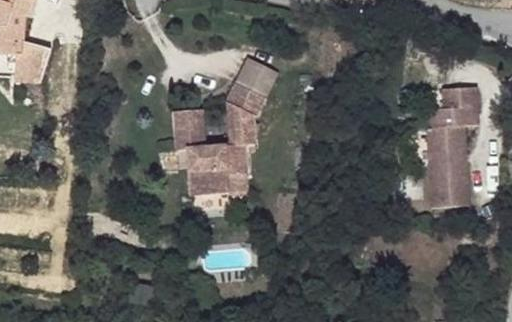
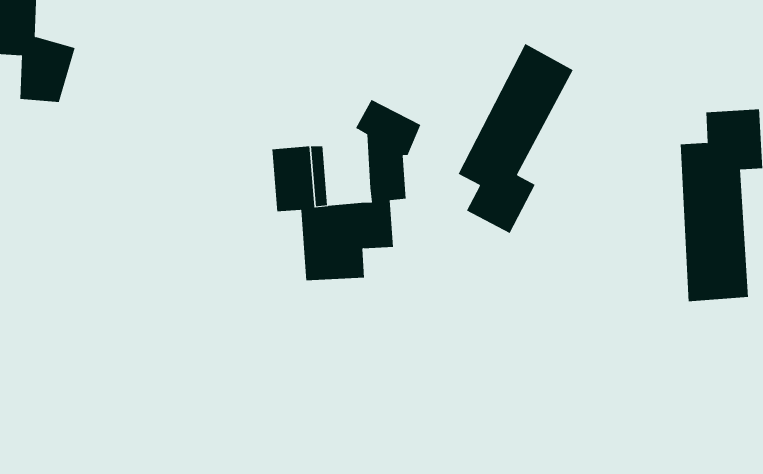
building: none -> [458,43,573,234]
building: [234,56,278,97] -> none

